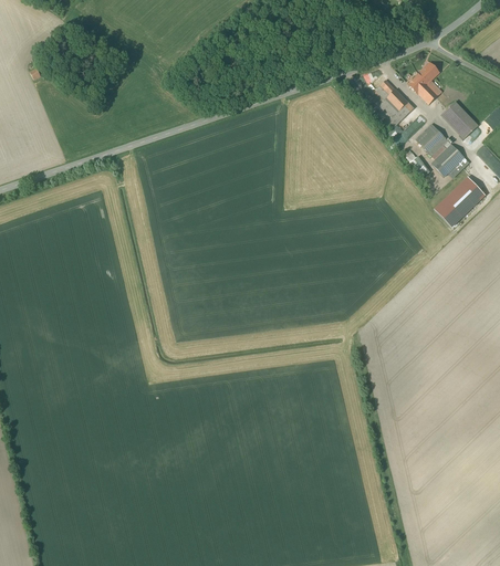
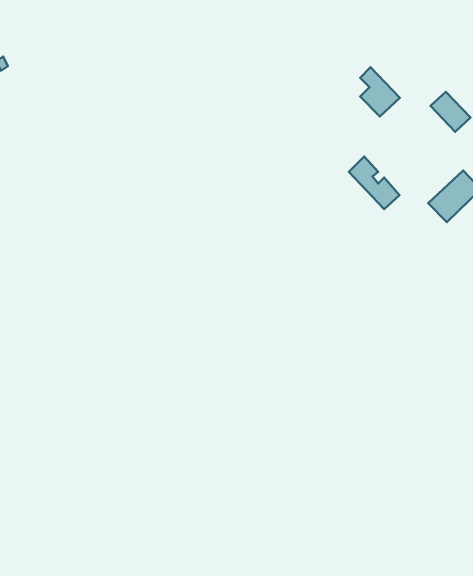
building: [407,62,440,103] -> none
building: [416,124,463,174] -> [349,156,399,209]

